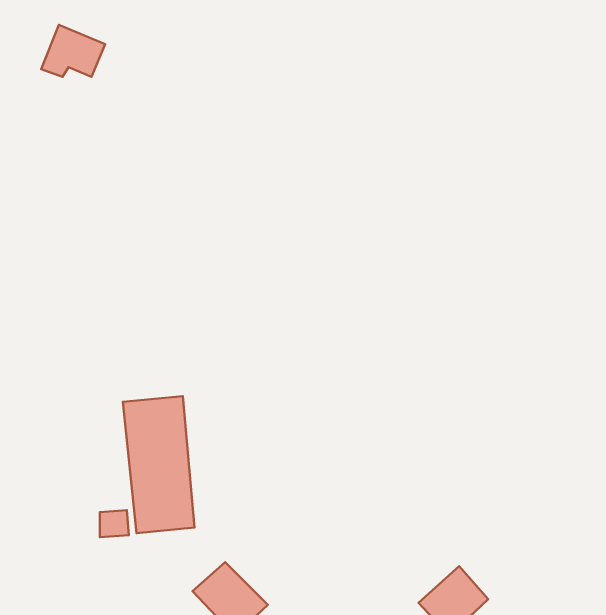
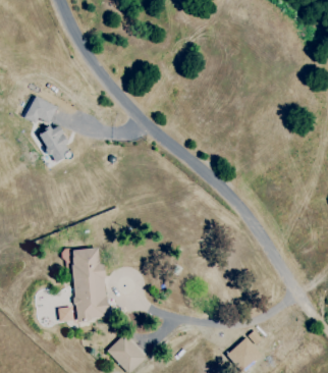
building: [41,25,105,77] -> [24,95,58,122]
building: none -> [42,124,71,163]

